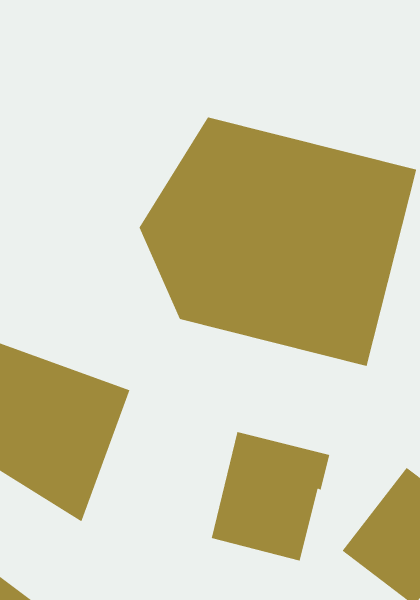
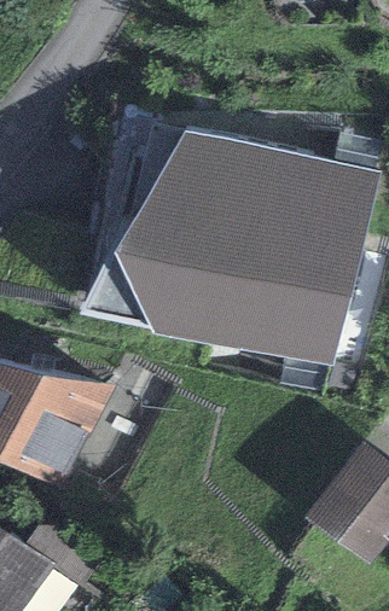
building: [211,431,330,562] -> none

